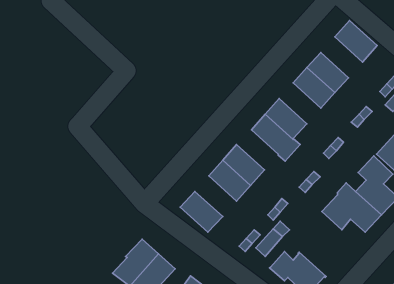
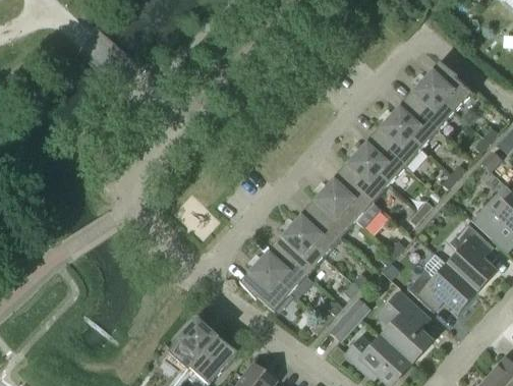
building: none -> [406,82,455,130]
building: none -> [357,136,406,184]
building: none -> [307,191,356,238]
building: none -> [259,245,307,293]
building: none -> [381,291,432,364]

